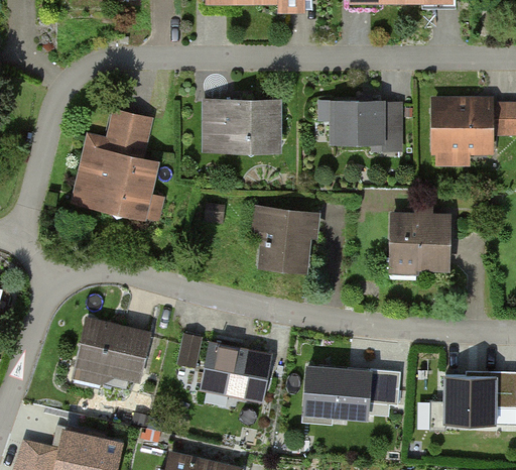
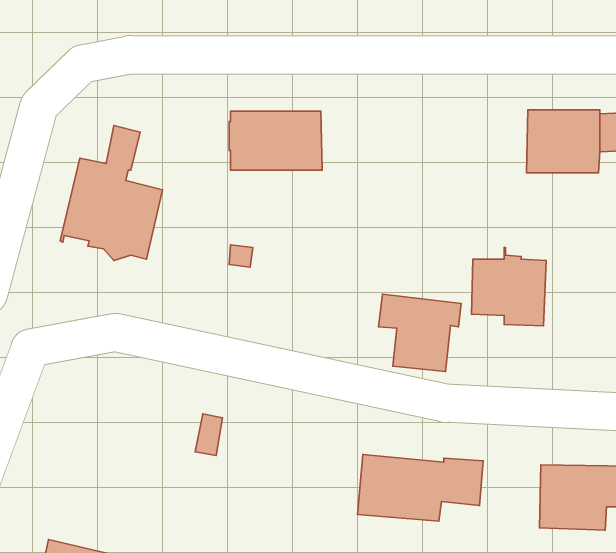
building: [334,101,400,142] -> none
building: [252,209,315,268] -> [379,294,461,371]
building: [74,320,148,388] -> none
building: [206,345,267,398] -> none

